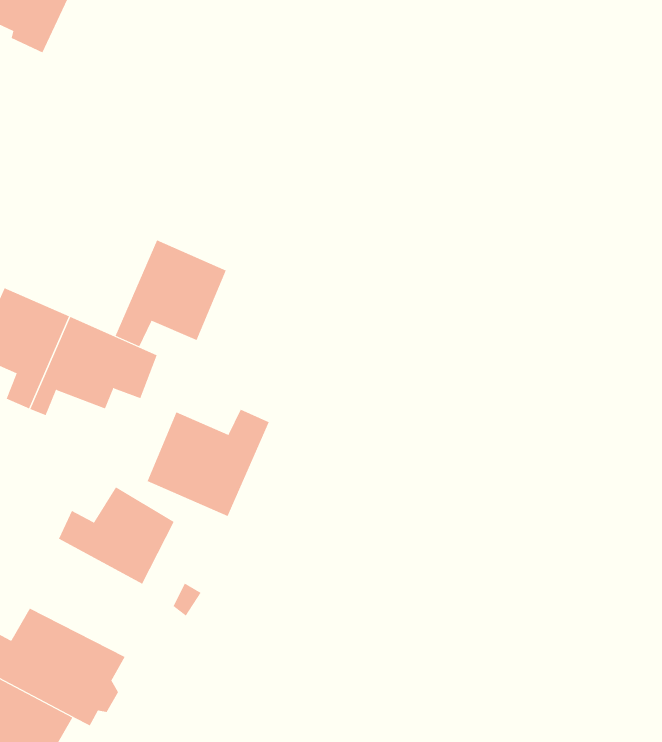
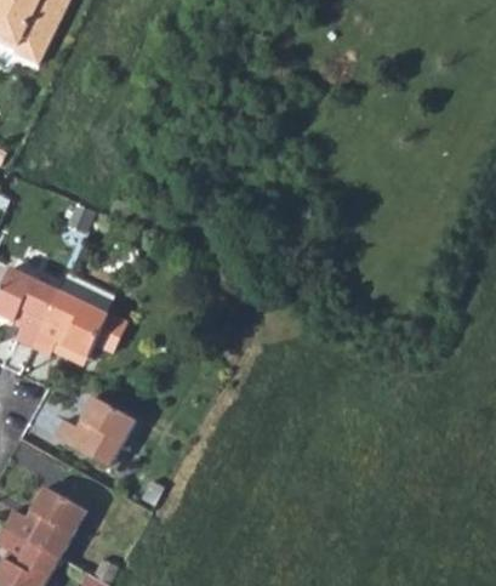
building: [115,240,227,347] -> none
building: [147,409,269,517] -> none

